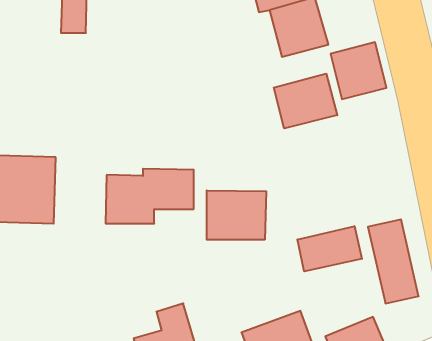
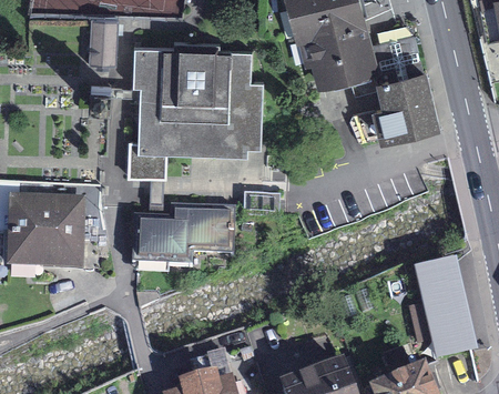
building: none -> [129,52,253,180]
building: [274,74,337,128] -> none
building: [207,190,266,240] -> none
building: [297,226,362,271] -> none

